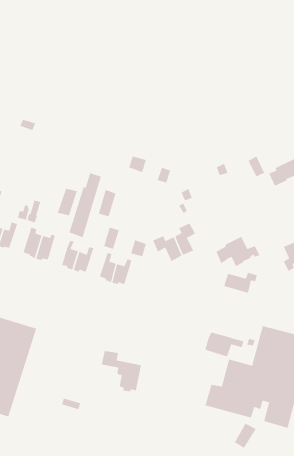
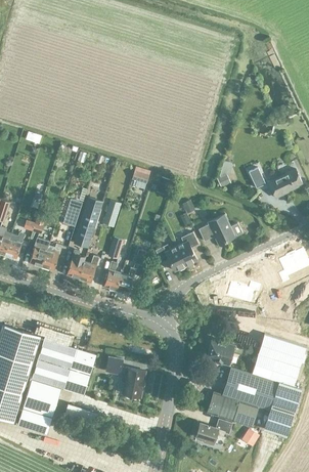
building: [216,236,260,267] -> [198,214,242,245]
building: none -> [16,338,96,433]
building: none -> [195,419,232,444]

